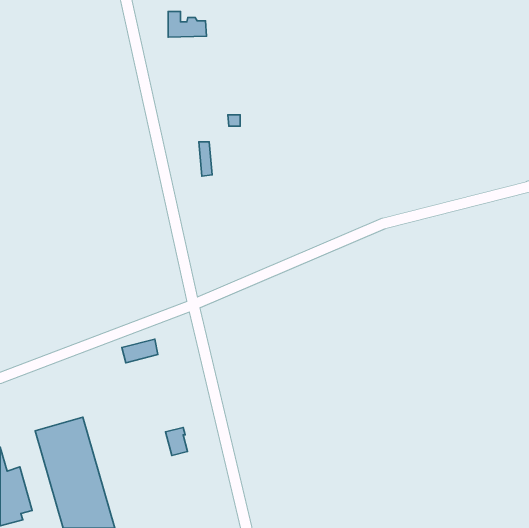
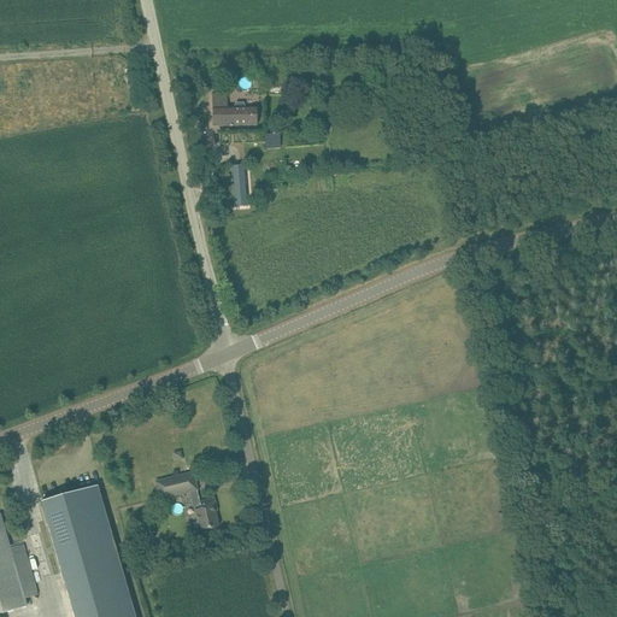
building: [168,11,206,37] -> [212,95,257,125]
building: [122,339,158,363] -> [154,471,196,499]

